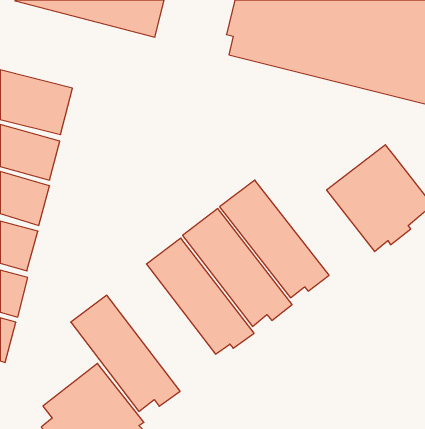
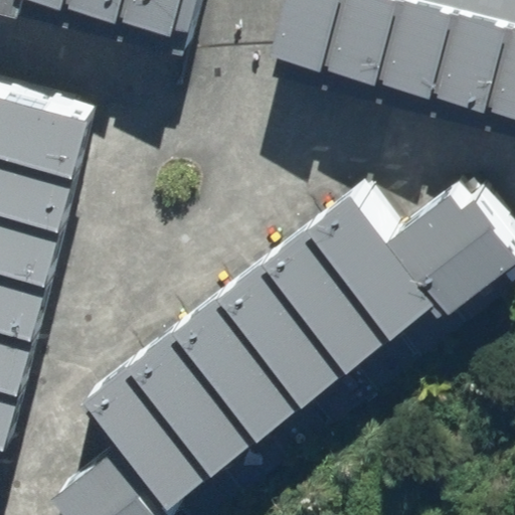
building: none -> [314,182,440,323]
building: none -> [136,319,266,460]

